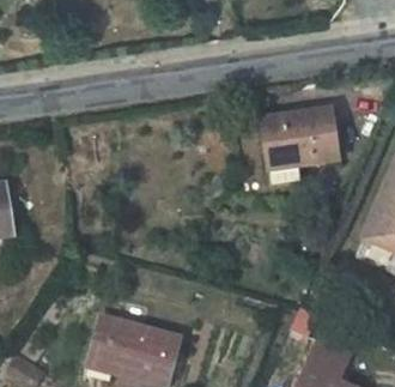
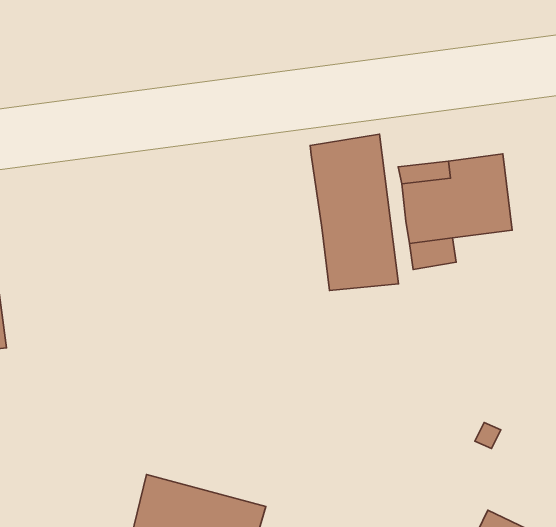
building: none -> [310,134,399,291]

